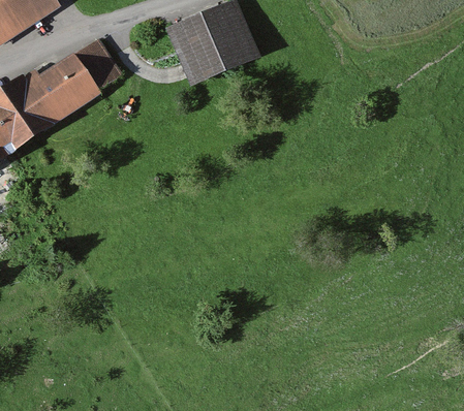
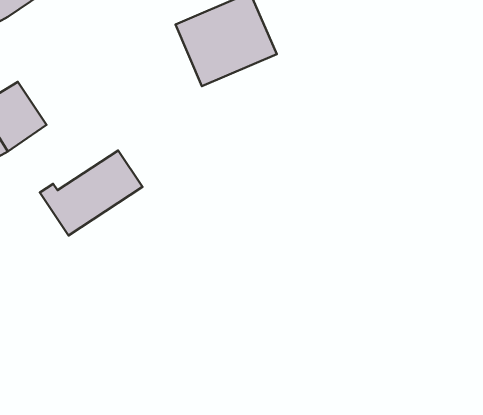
building: [19,43,115,123] -> [40,151,142,236]

